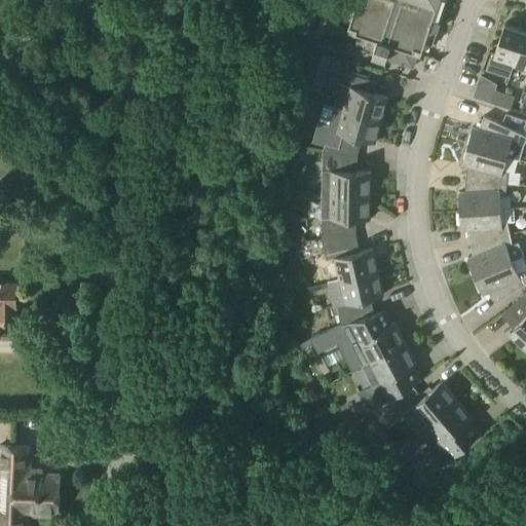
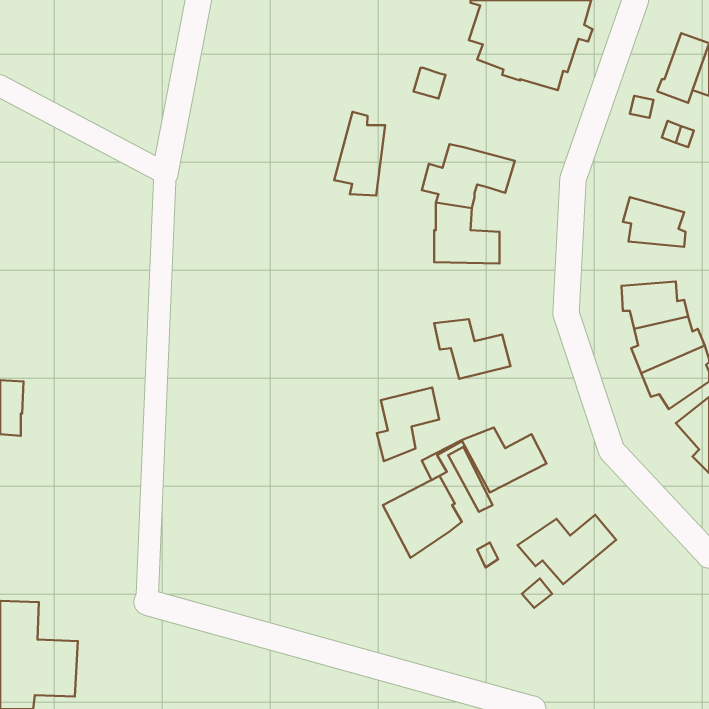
building: [341,73,387,119] -> none
building: none -> [334,112,385,196]
building: [466,116,521,157] -> none
building: [458,179,506,212] -> none
building: [322,194,370,239] -> none
building: [337,271,383,326] -> [377,388,439,461]
building: [363,343,421,404] -> [383,476,462,558]
building: [417,400,481,469] -> none

